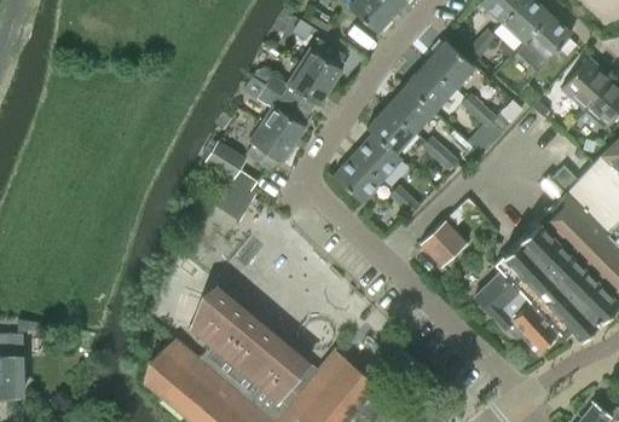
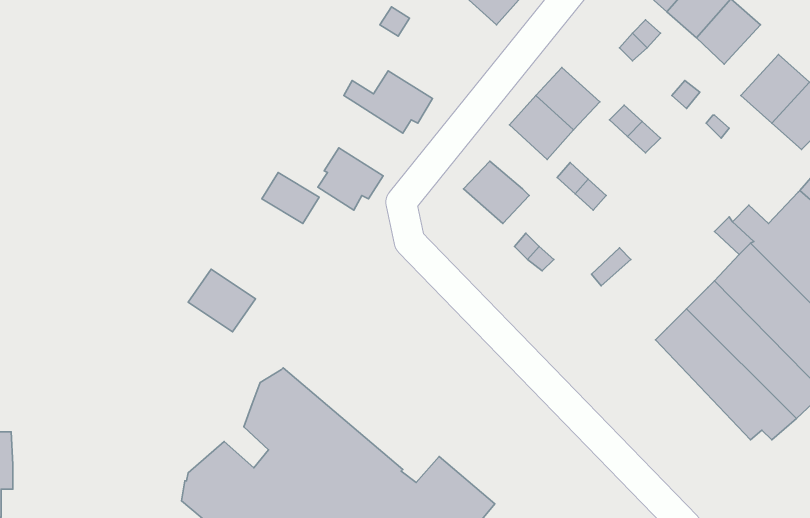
building: [297,37,345,87] -> none
building: [426,41,474,89] -> none
building: [256,85,308,144] -> none
building: [366,106,415,154] -> none
building: [334,154,382,202] -> none
building: [207,174,256,220] -> [188,269,255,332]
building: [421,221,467,267] -> none
building: [475,273,556,348] -> none

